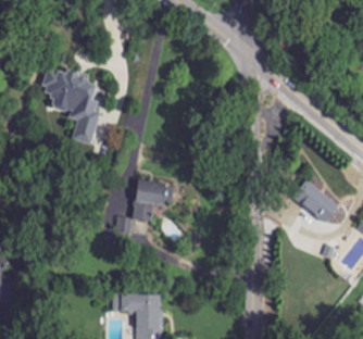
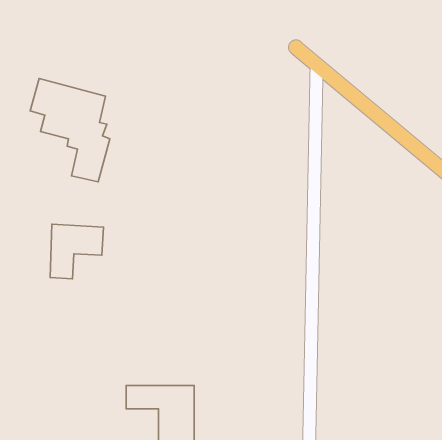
building: [292,179,339,223] -> none
building: [134,181,173,222] -> [50,224,103,279]

